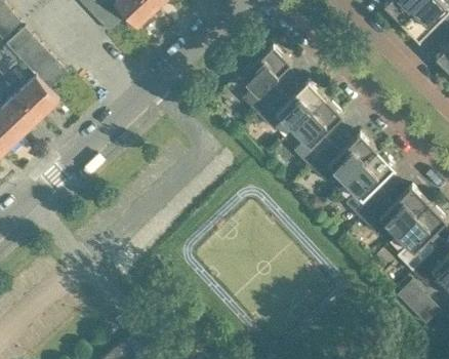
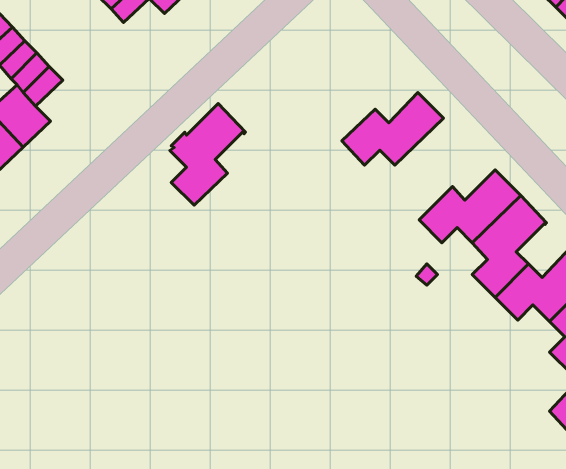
building: [240,46,291,115] -> [170,103,246,205]
building: [292,99,343,168] -> none

